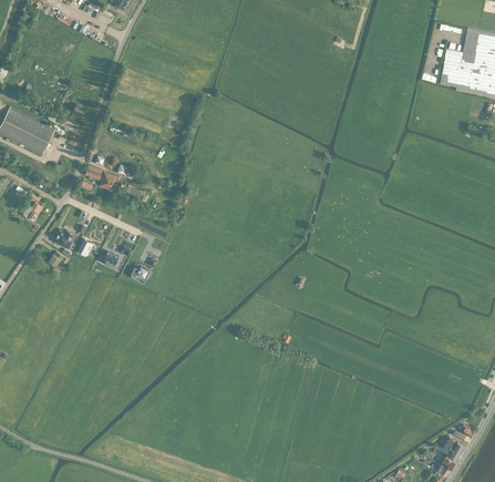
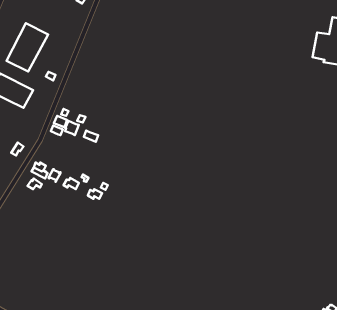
building: none -> [6,23,48,71]

